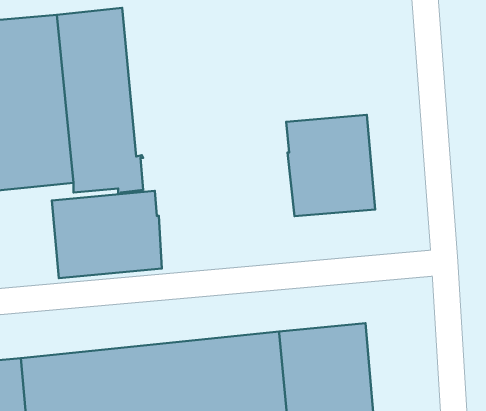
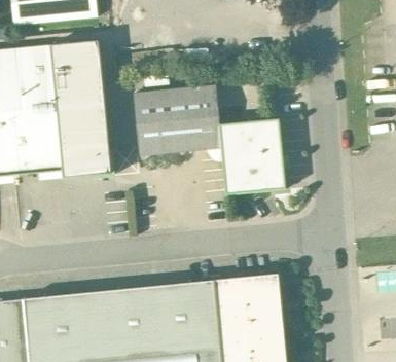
building: none -> [134,85,222,155]
building: [52,191,162,278] -> none

